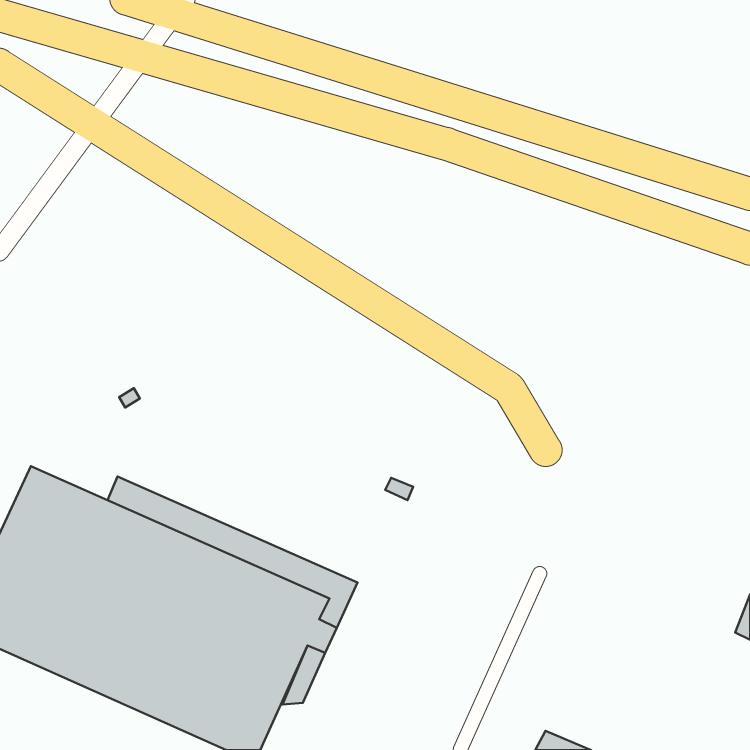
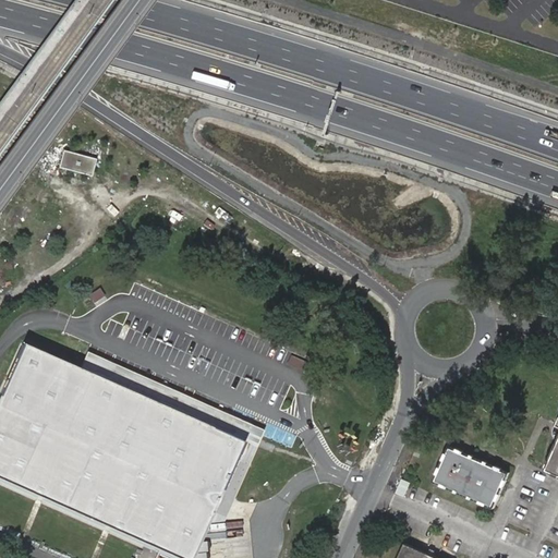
building: none -> [58,149,96,174]
building: none -> [433,444,509,507]

